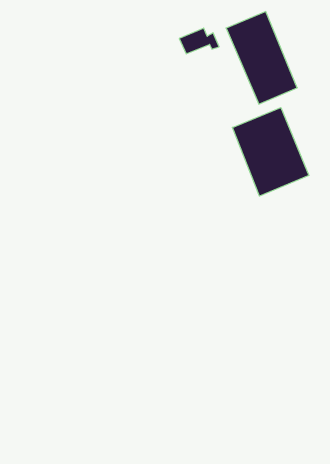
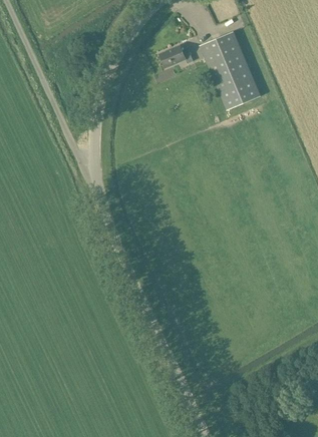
building: [232,108,309,196] -> none

